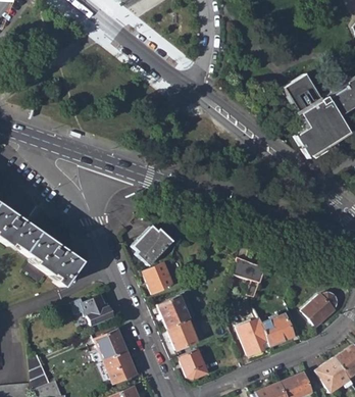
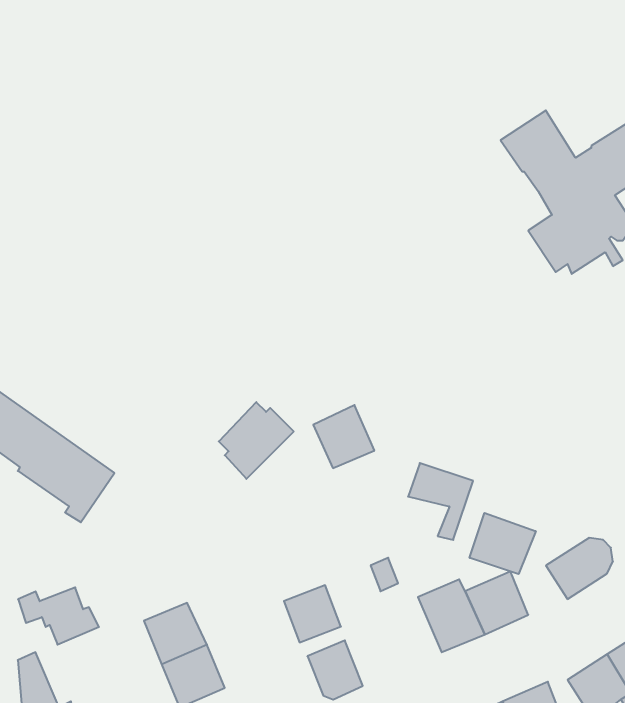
building: [142,261,173,294] -> [313,405,374,468]
building: none -> [470,513,536,574]
building: [70,295,112,325] -> [18,587,99,645]
building: [156,295,189,328] -> none

